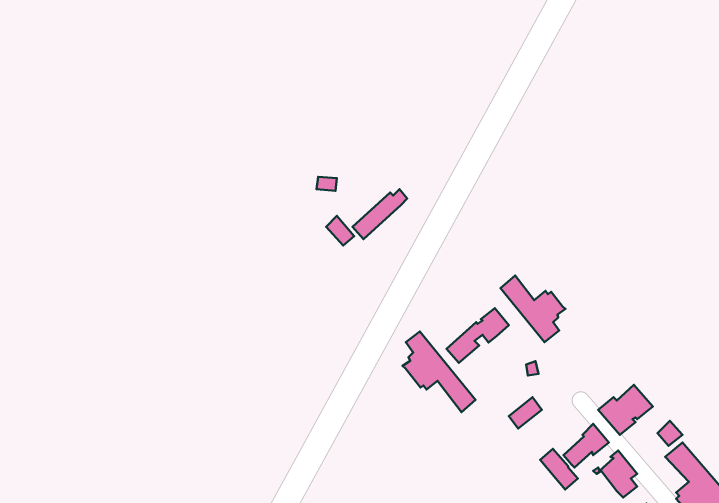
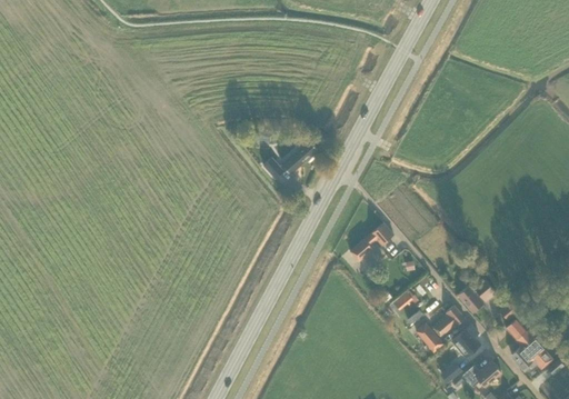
building: [500,275,565,342] -> none
building: [402,331,476,412] -> none

